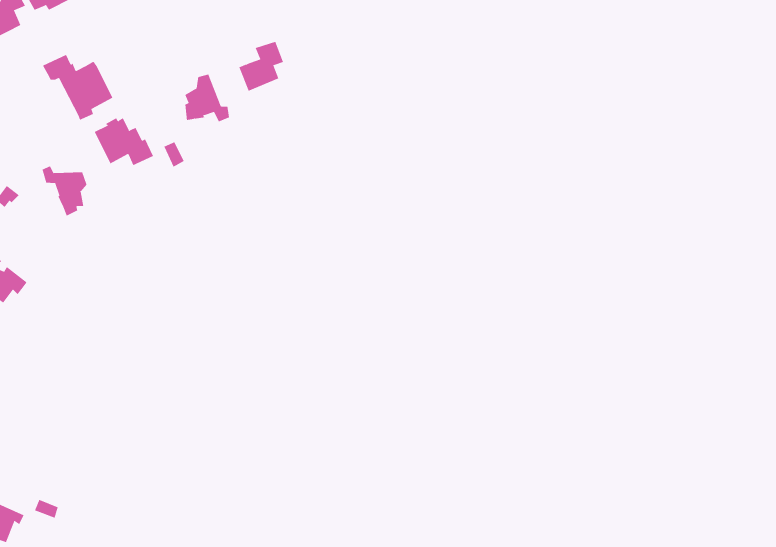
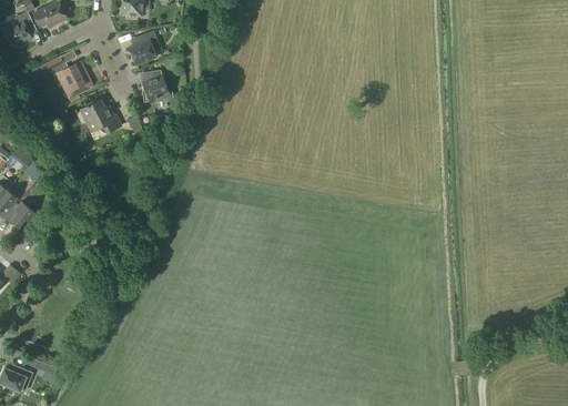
building: [239,41,284,91] -> [128,30,159,64]
building: [42,166,87,217] -> none

